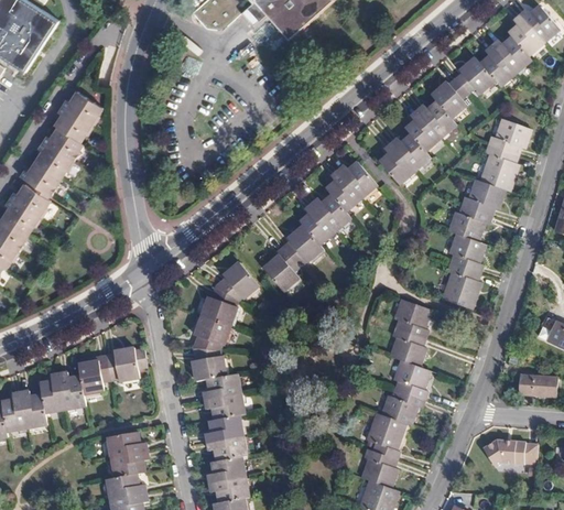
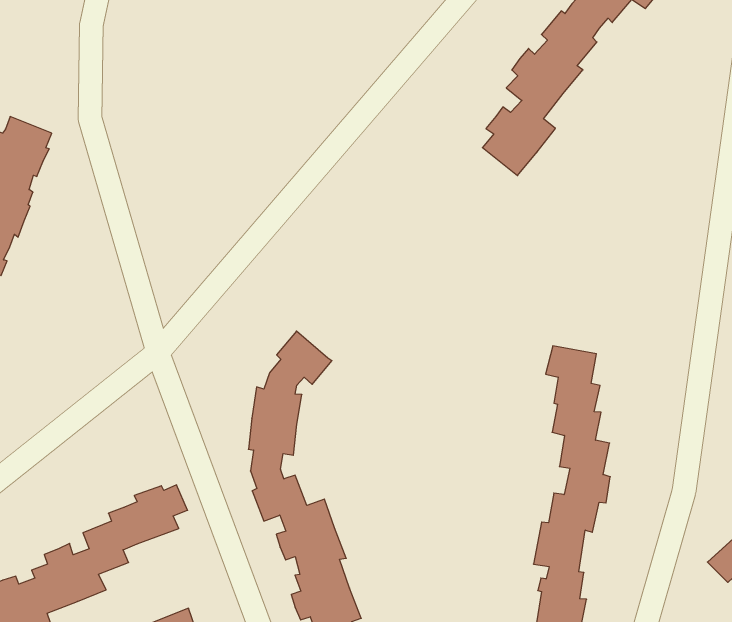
building: [442,119,530,308] -> none
building: [267,163,375,294] -> none

